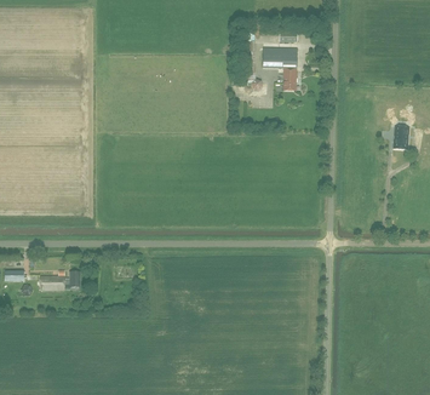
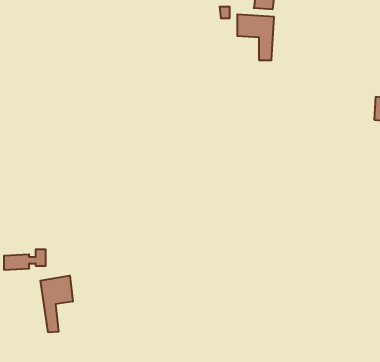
building: none -> [40,276,73,332]

